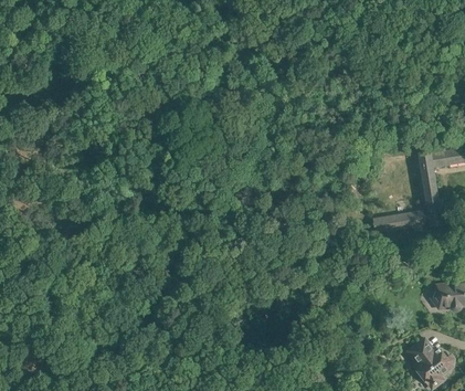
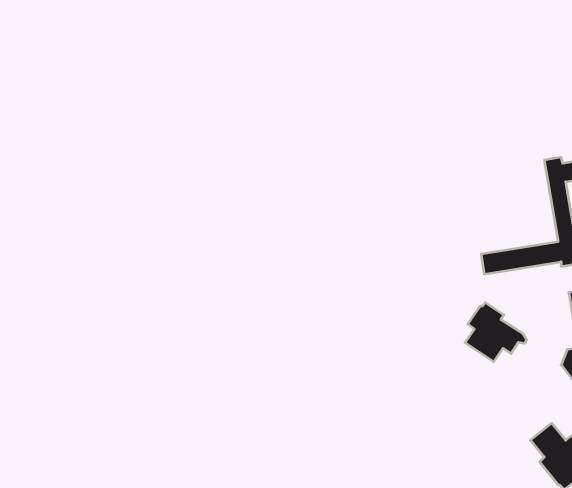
building: none -> [465,303,527,362]

